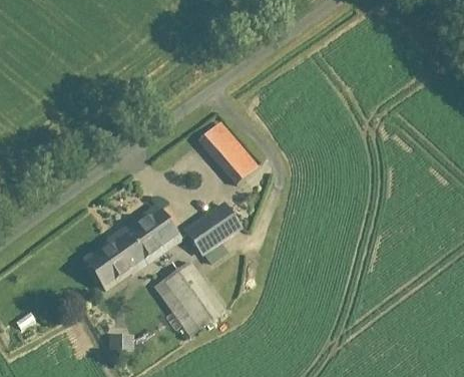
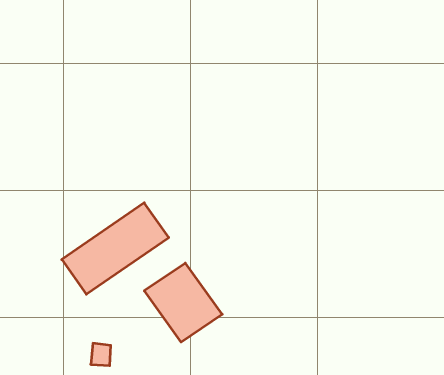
building: [196,122,256,183] -> none
building: [184,203,248,260] -> none

